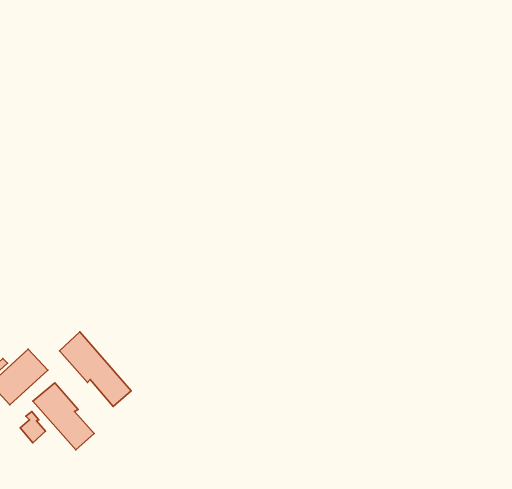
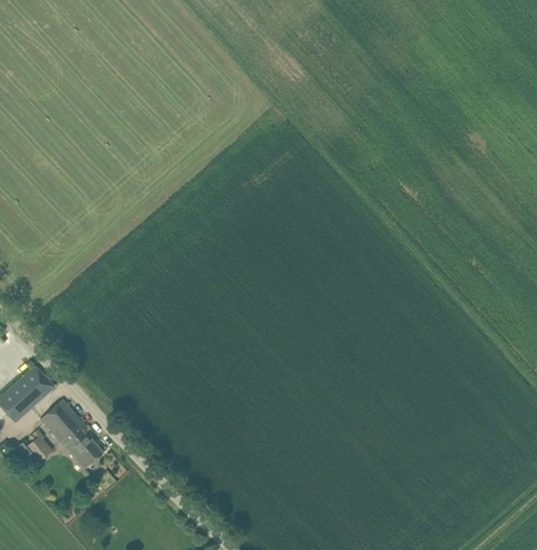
building: [59,332,131,406] -> none

